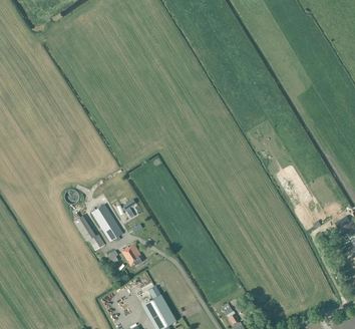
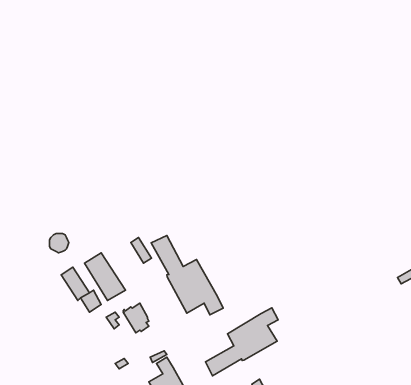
building: none -> [151,235,223,315]
building: none -> [205,308,278,376]

